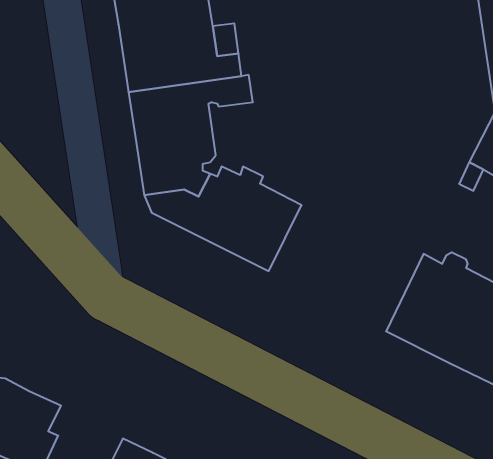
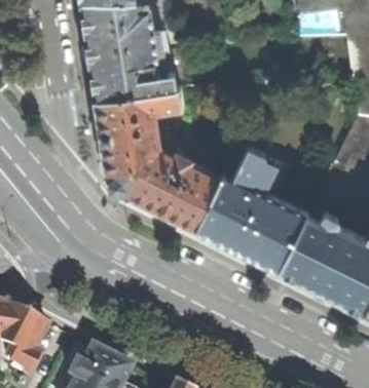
building: none -> [195,149,307,272]

